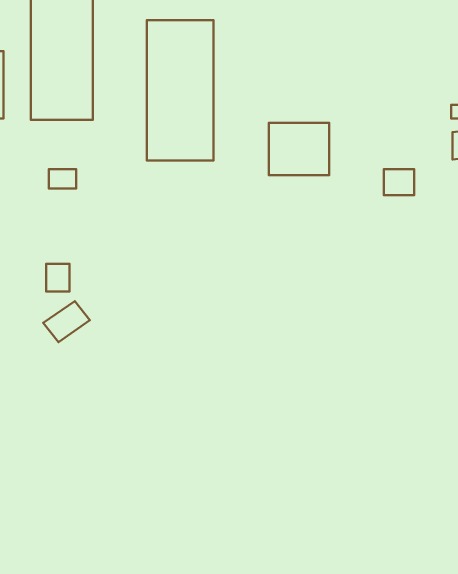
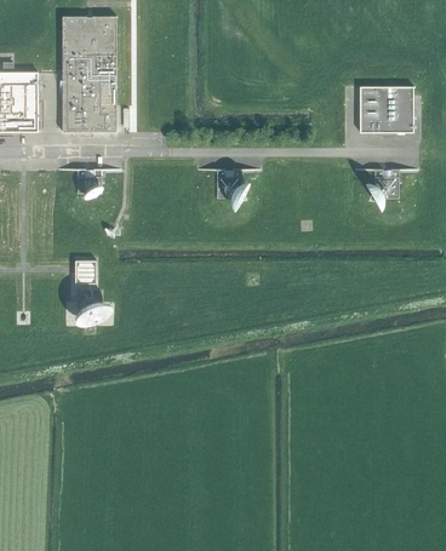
building: [147,20,213,160] -> none
building: [269,123,329,175] -> [359,86,412,132]
building: none -> [216,176,240,199]

